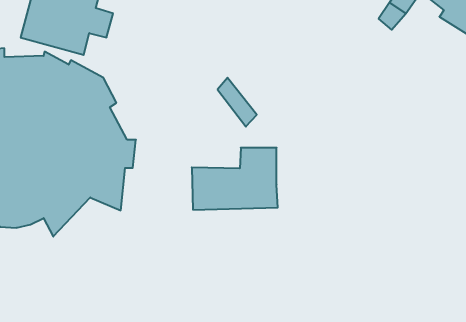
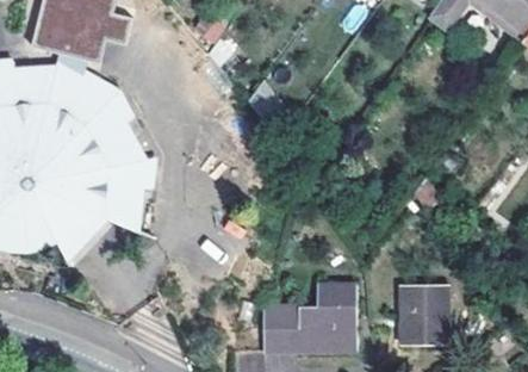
building: [192,148,278,210] -> [265,283,359,351]
building: none -> [399,284,448,346]

